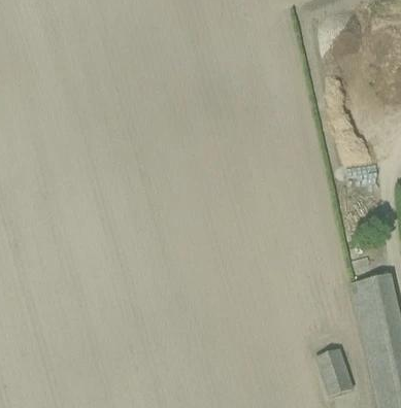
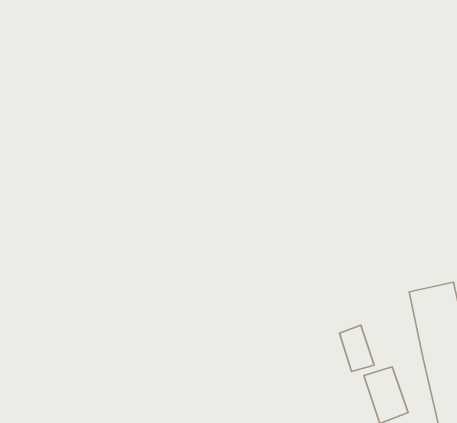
building: none -> [339,325,374,371]

